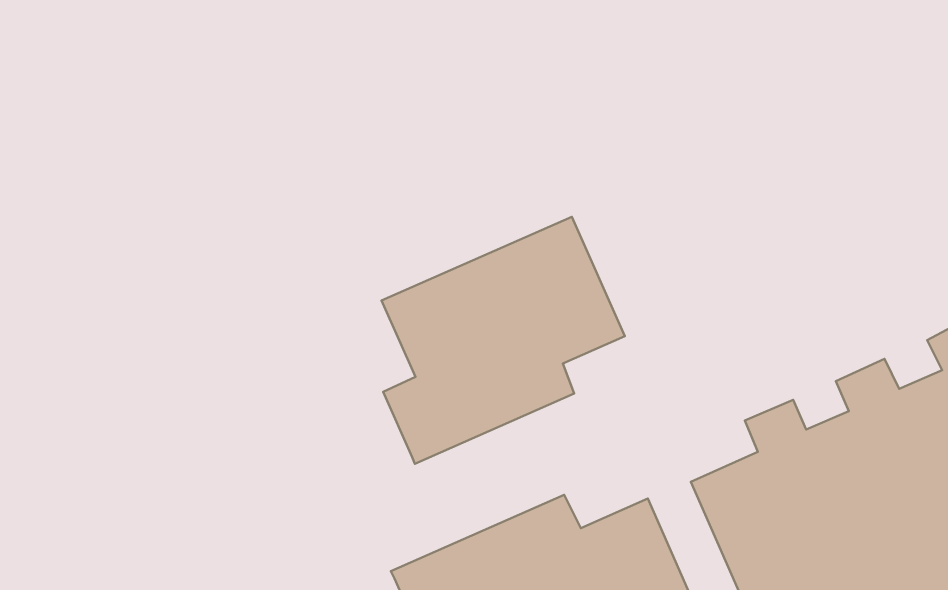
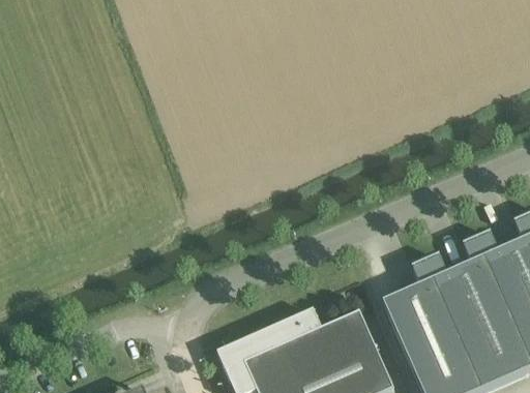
building: [381,217,625,464] -> none

